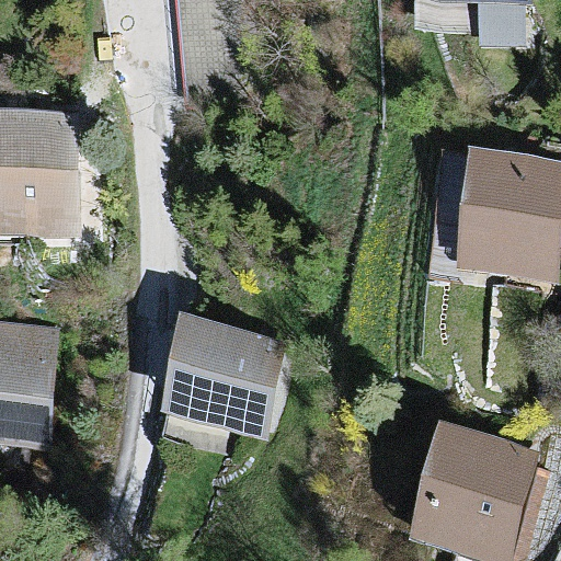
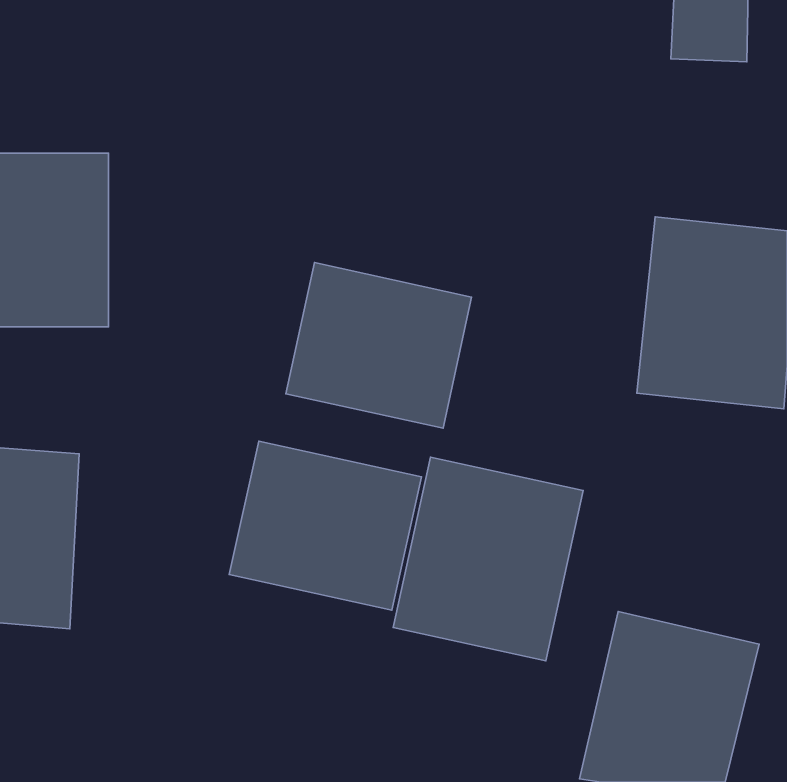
building: none -> [286,263,472,428]
building: none -> [393,457,583,661]

